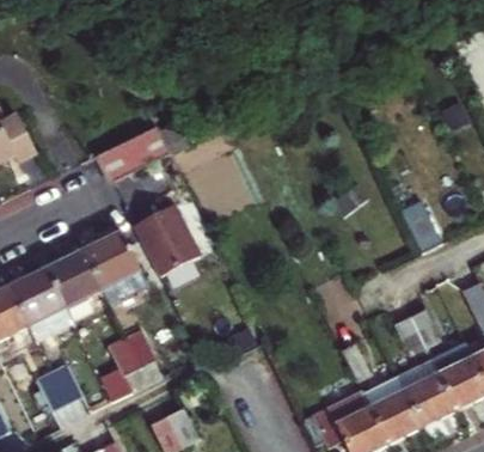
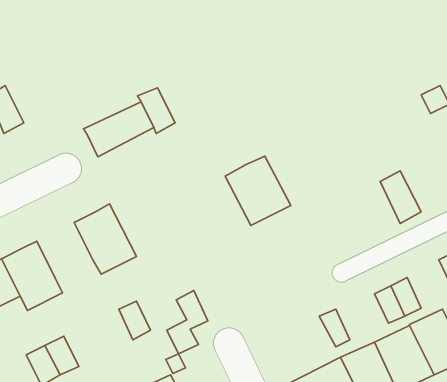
building: [133,208,200,279] -> [225,156,291,225]
building: [48,252,105,310] -> none
building: [104,341,146,405] -> [167,290,208,354]

